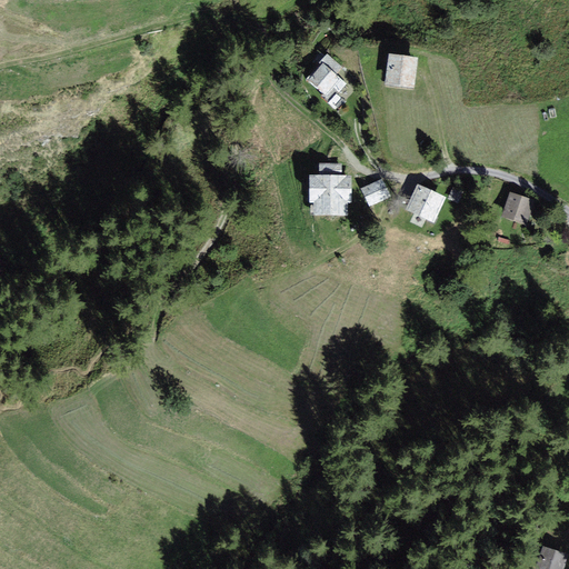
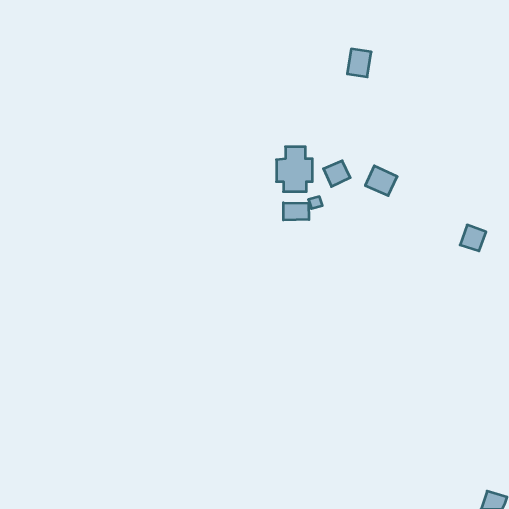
building: [308,56,341,96] -> none
building: [502,193,531,222] -> [460,225,486,251]
building: none -> [283,203,309,220]

